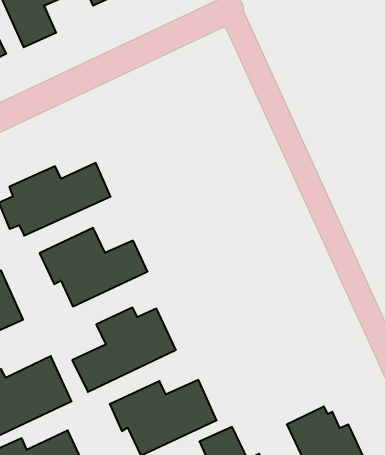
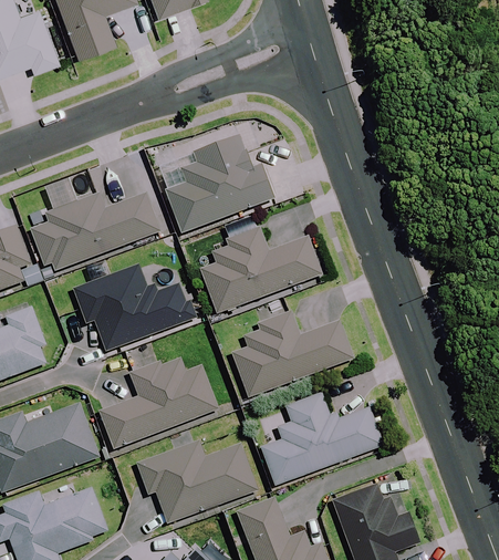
building: none -> [166,138,271,232]
building: none -> [201,228,320,313]
building: none -> [233,311,352,396]
building: none -> [261,392,380,485]

